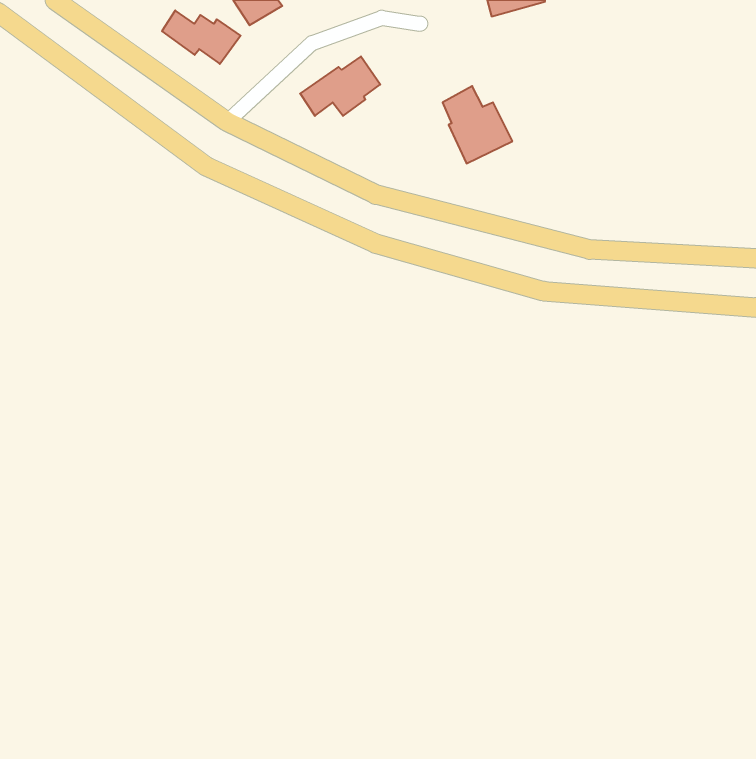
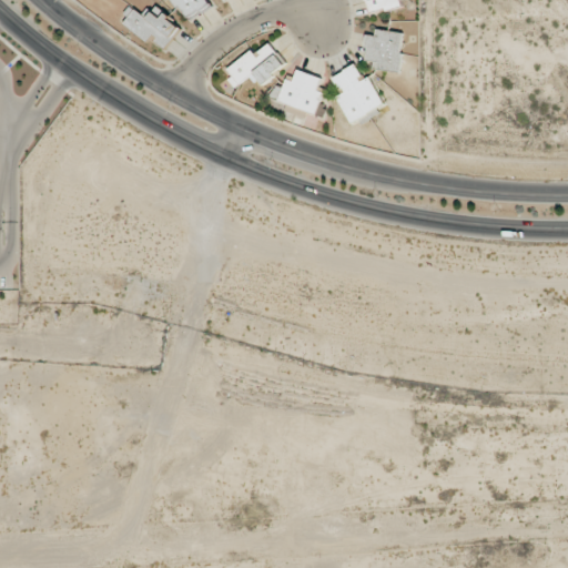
building: none -> [363,29,403,72]
building: none -> [268,70,322,113]

